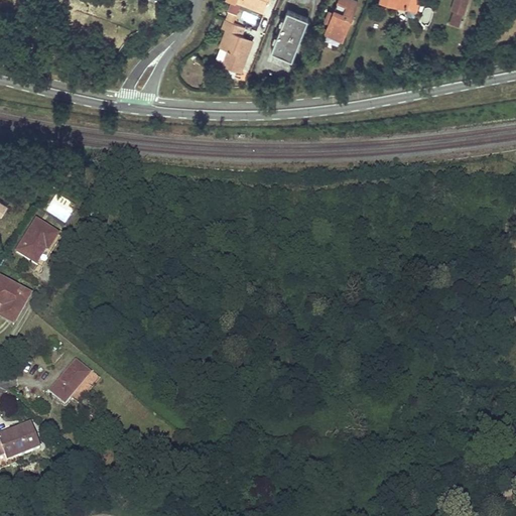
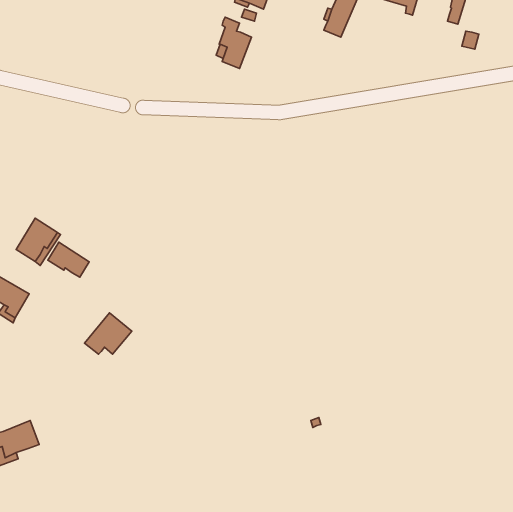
building: [271,8,307,55] -> none
building: none -> [48,242,89,277]
building: [49,360,97,401] -> [84,313,132,354]

